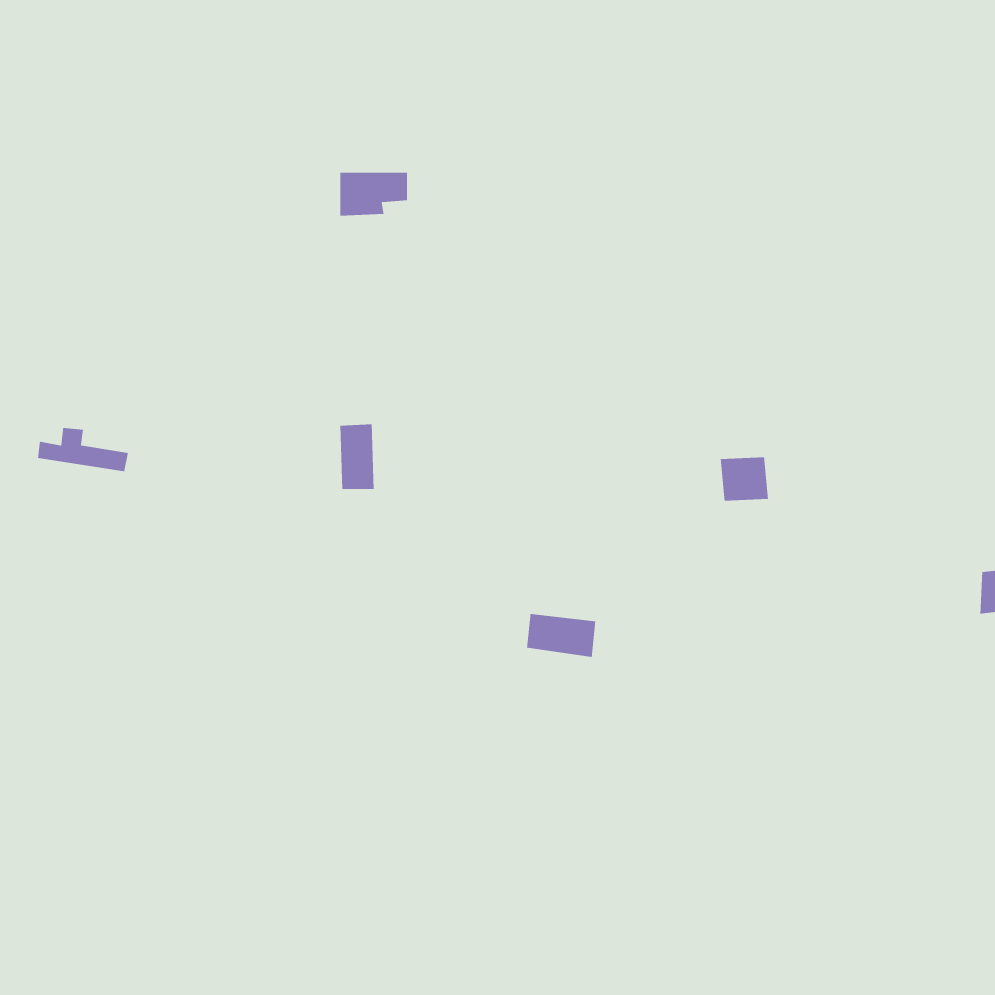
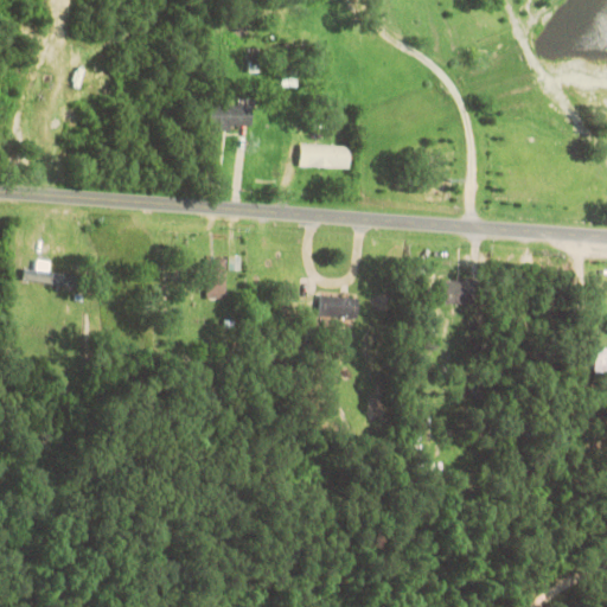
building: none -> [299,145,350,168]
building: [526,613,596,658] -> [318,294,360,321]

